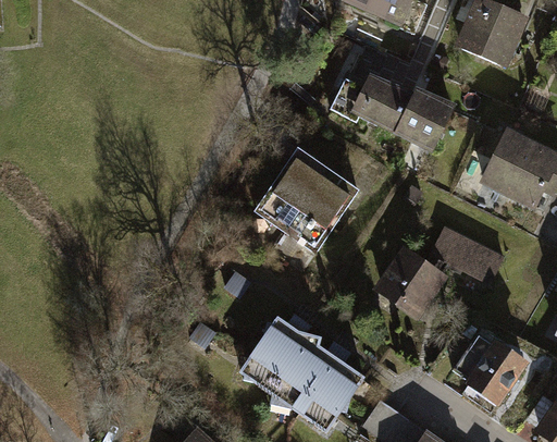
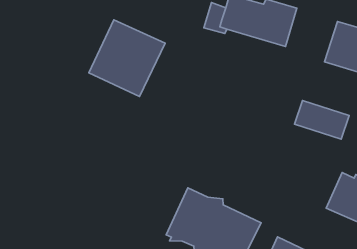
building: [255,149,360,255] -> [89,20,165,96]
building: [372,243,449,320] -> none

